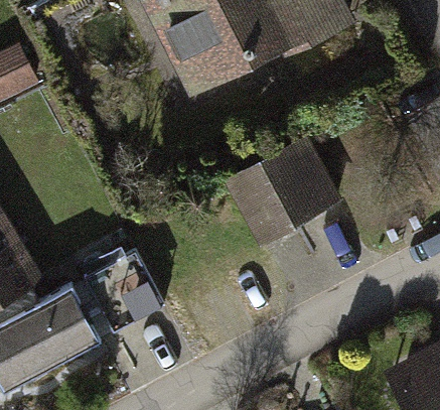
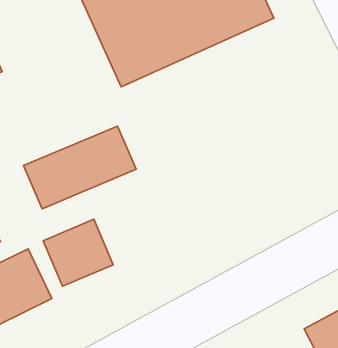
building: none -> [24,126,136,209]
building: [231,148,341,251] -> none

